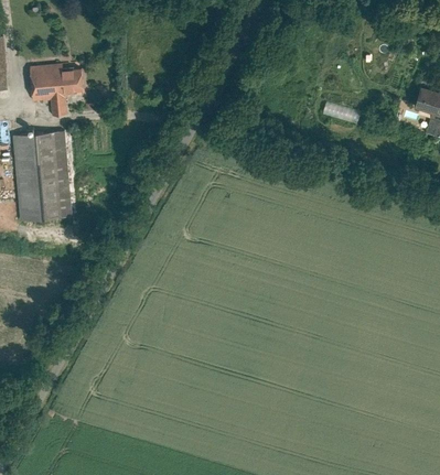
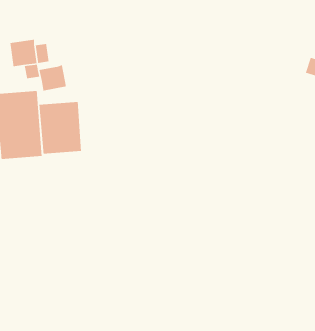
building: none -> [39,64,67,91]
building: none -> [39,101,82,154]

